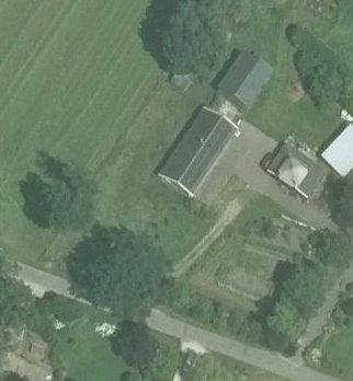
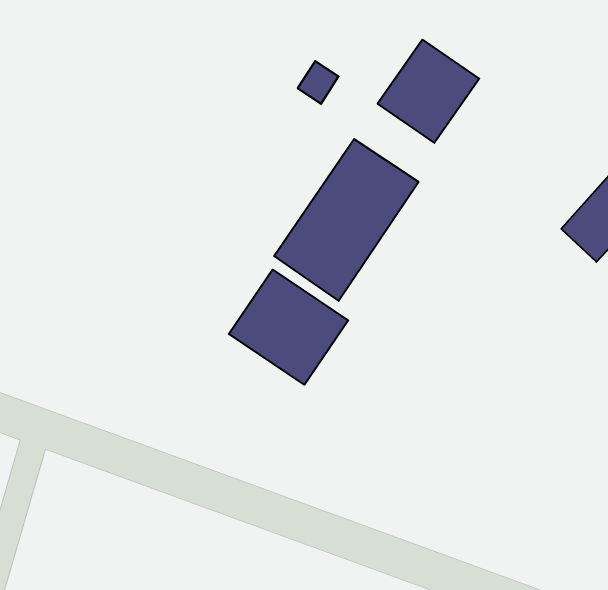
building: [266,142,324,196] -> none
building: none -> [229,270,348,385]

